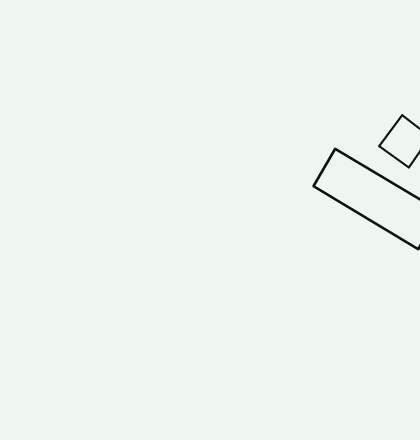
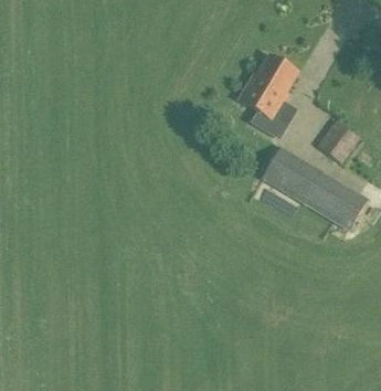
building: none -> [236,54,297,138]

